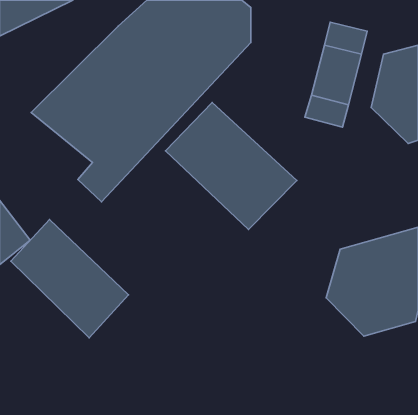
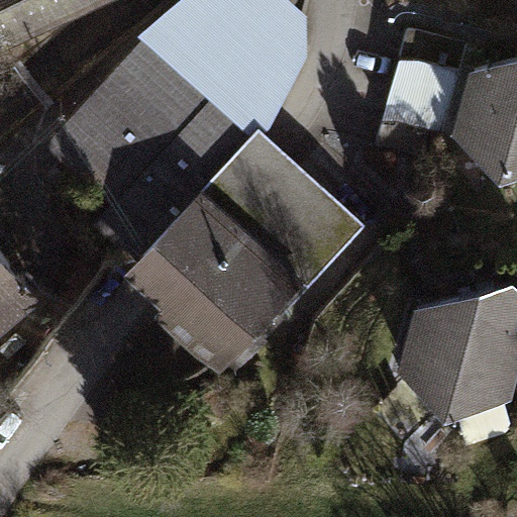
building: none -> [128,191,306,377]
building: [11,220,129,338] -> none

